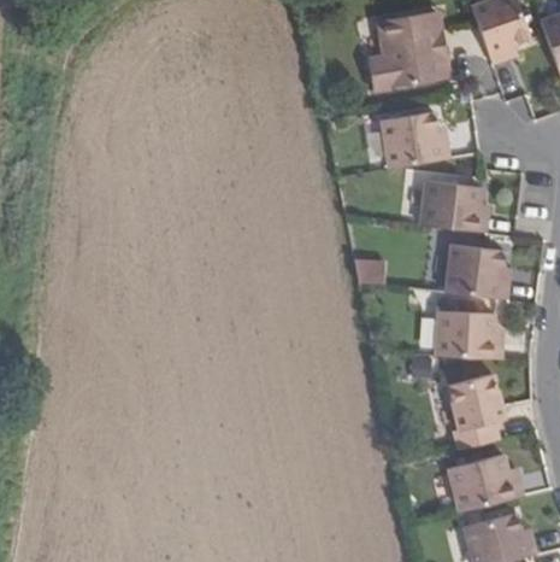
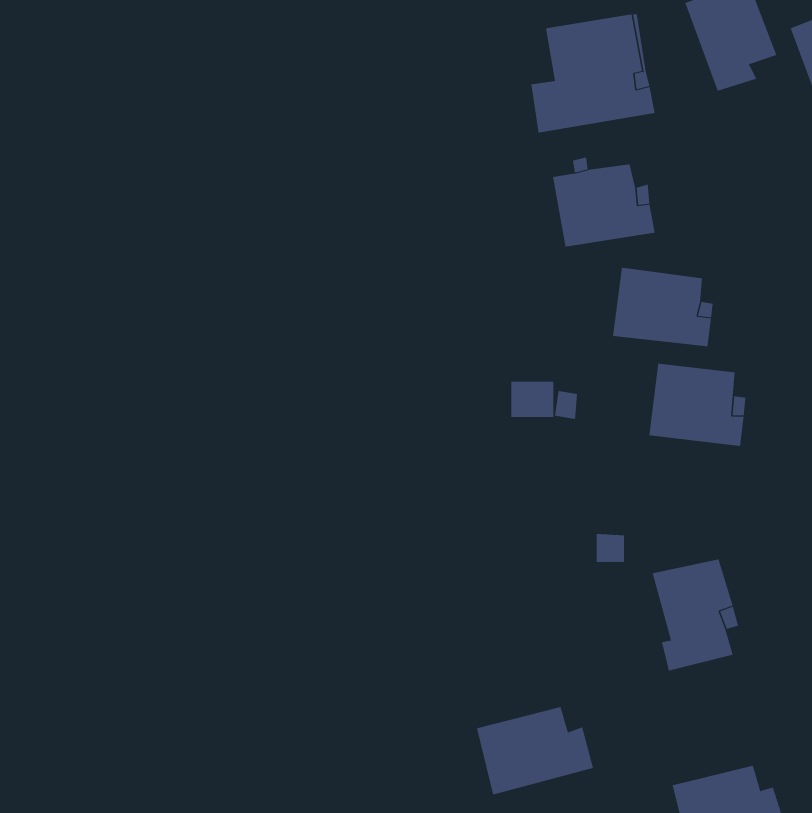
building: [437,311,501,359] -> none
building: [446,452,524,511] -> [476,706,594,795]

